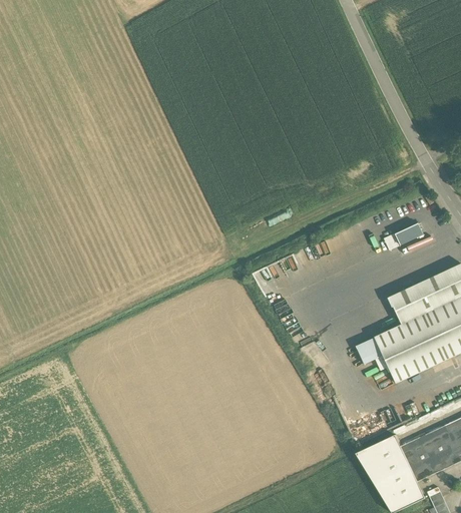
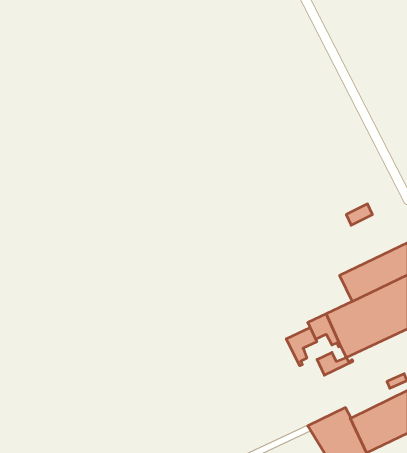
building: none -> [286,328,317,366]
building: none -> [317,352,353,375]

